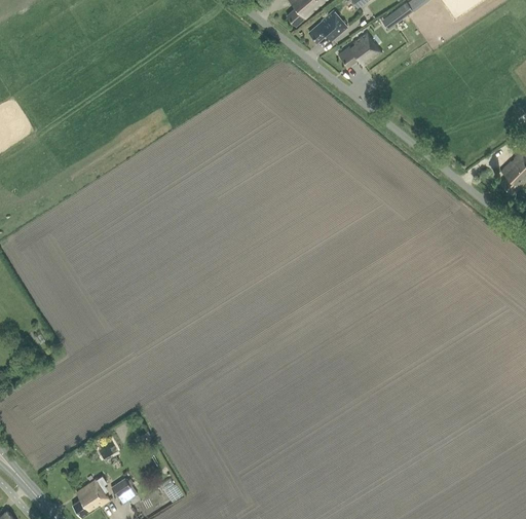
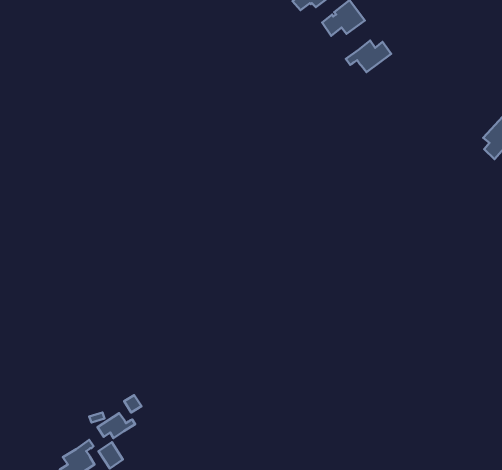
building: none -> [346,41,391,72]
building: none -> [98,413,135,438]

